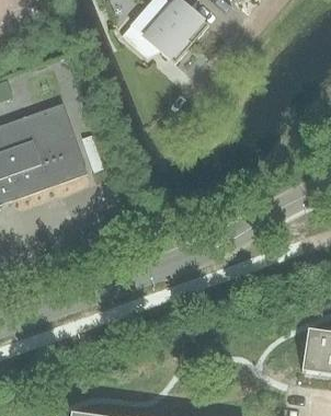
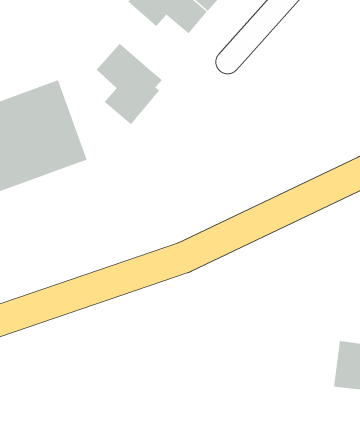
building: none -> [96,43,163,125]

